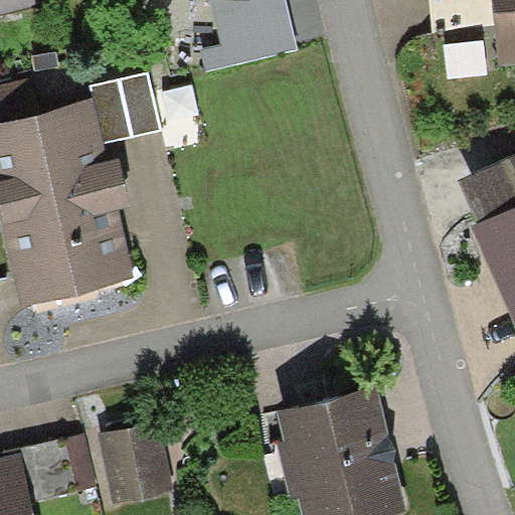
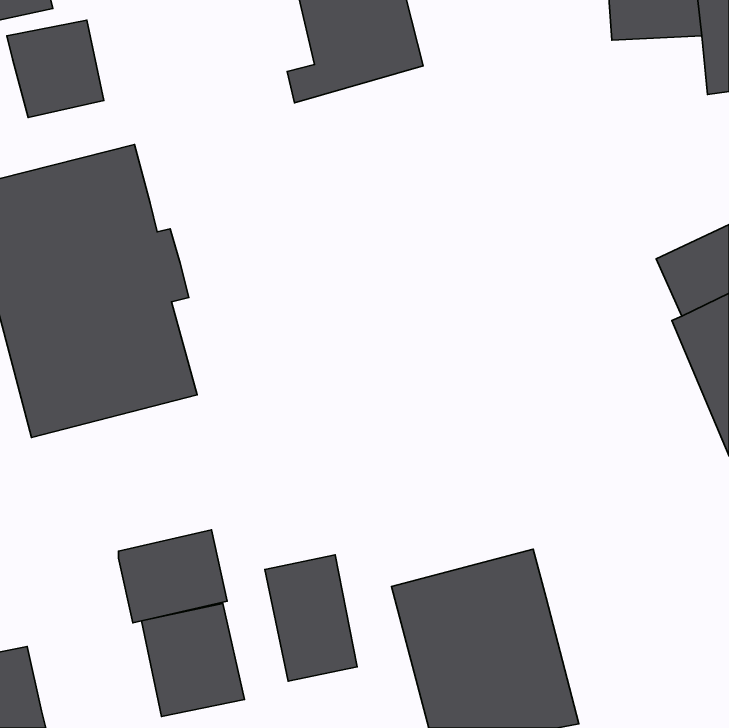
building: [91,74,159,143] -> [7,20,104,118]
building: none -> [265,555,357,681]
building: [19,435,96,500] -> [119,530,227,623]

